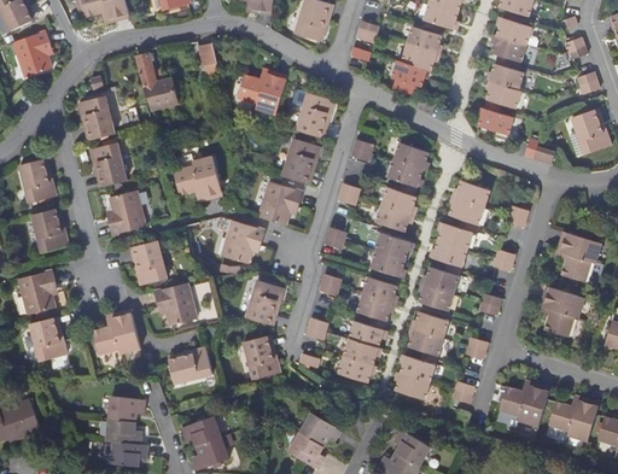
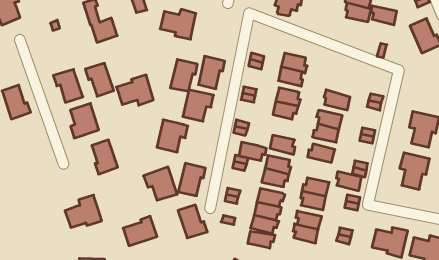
building: [296,93,334,136] -> [170,59,197,91]
building: [78,96,115,140] -> [85,63,114,96]
building: [478,107,513,135] -> [371,6,397,25]
building: [453,180,490,207] -> none
building: [31,209,69,253] -> none
building: [377,233,414,259] -> [239,142,266,161]
building: [18,270,56,315] -> none
building: [153,282,197,326] -> [143,167,177,200]
building: [419,283,453,311] -> [336,172,361,191]
building: [29,317,66,362] -> none
building: none -> [248,231,275,248]

